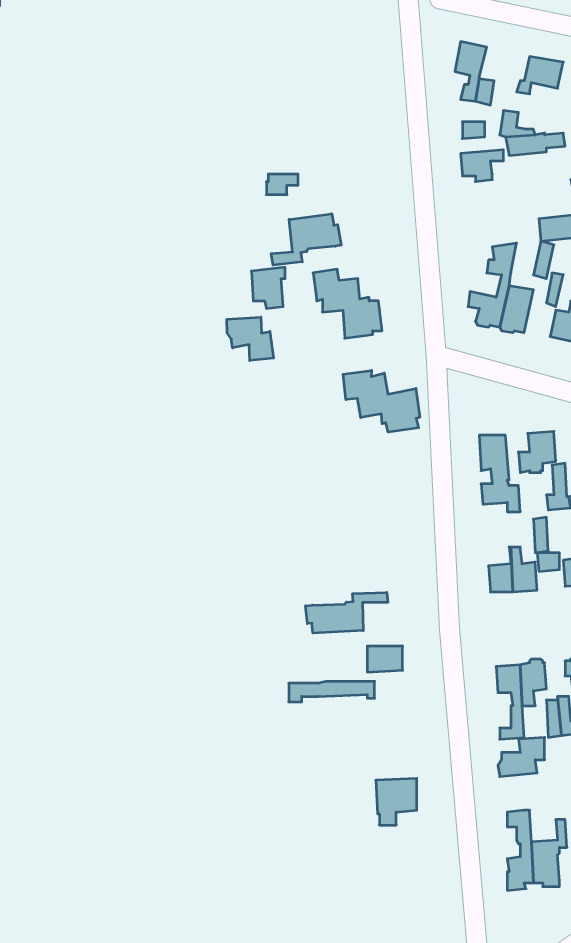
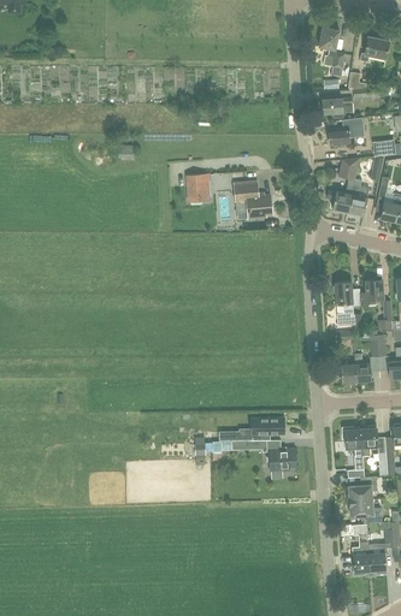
building: none -> [329,117,365,146]
building: [271,214,341,265] -> none
building: [227,317,274,361] -> none
building: [343,370,420,432] -> none
building: [306,592,388,633] -> none
building: none -> [348,499,382,523]
building: [376,778,417,825] -> [270,449,296,479]

